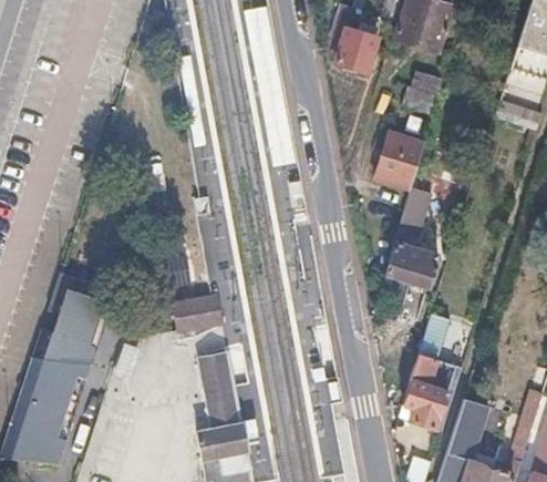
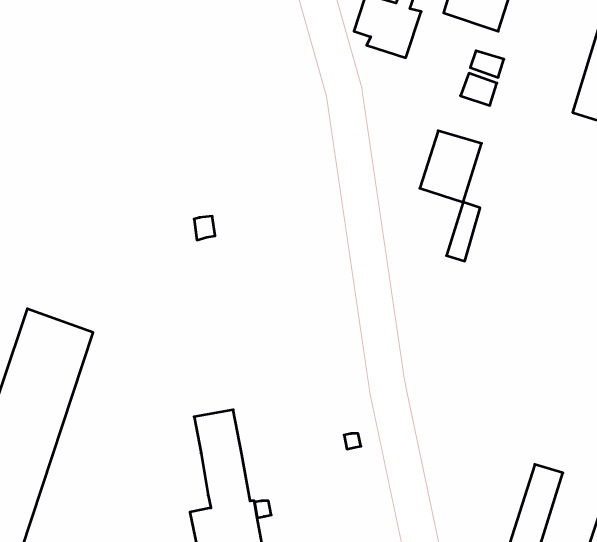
building: [383,242,438,288] -> none
building: [177,298,223,334] -> none
building: [400,317,462,433] -> none

